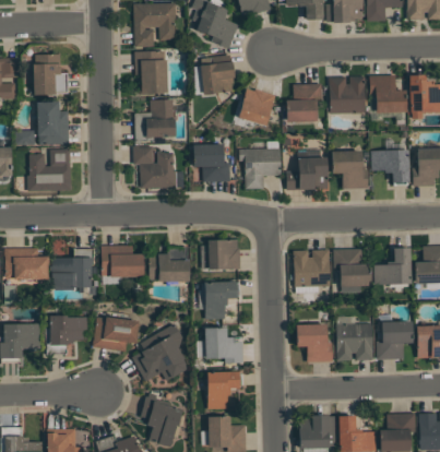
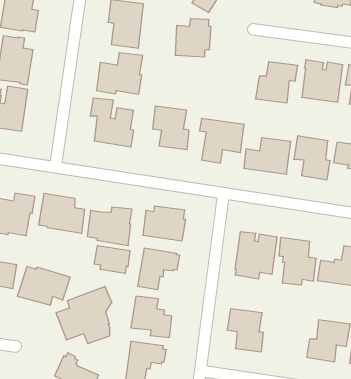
building: [239,88,275,126] -> none
building: none -> [94,245,130,274]
building: [336,317,372,361] -> none

